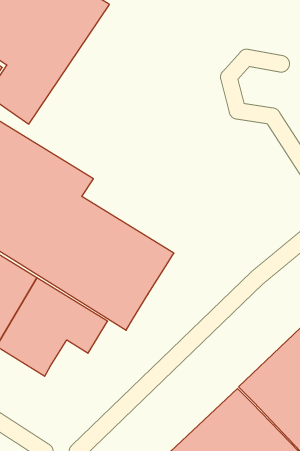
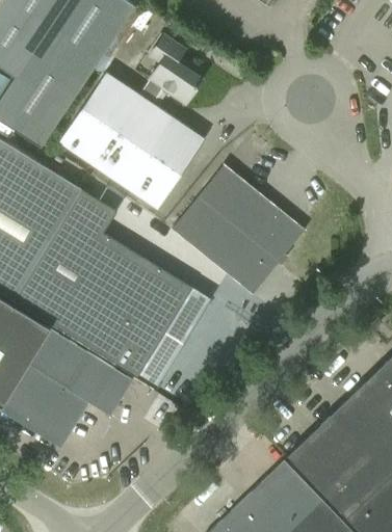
building: none -> [58,34,204,208]
building: none -> [172,164,305,294]

